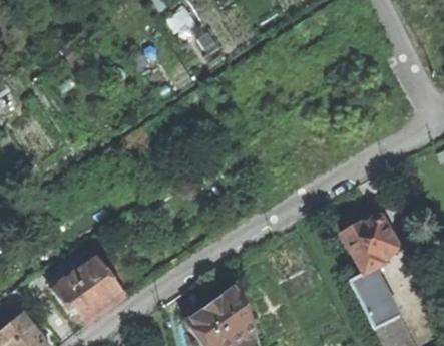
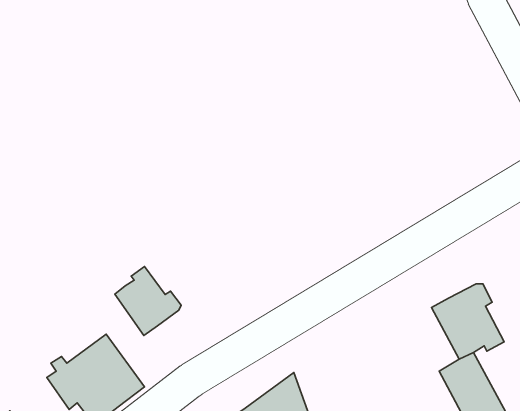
building: none -> [115,267,181,335]

